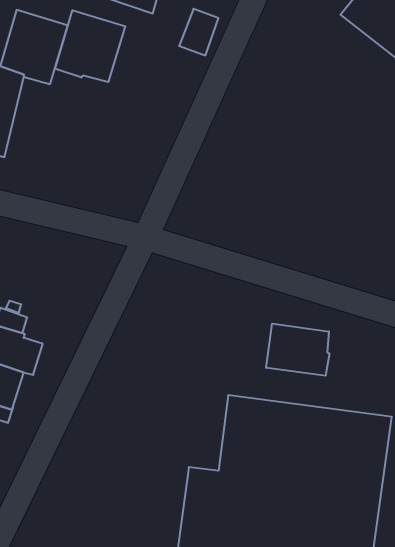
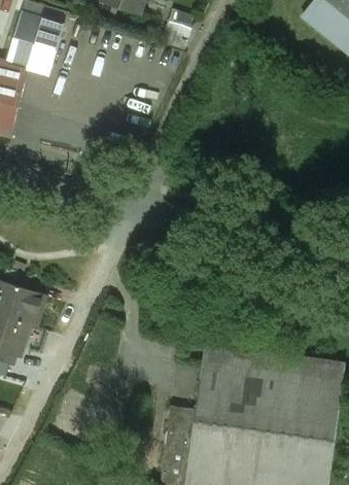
building: [55,10,125,82] -> none
building: [266,324,329,376] -> none

